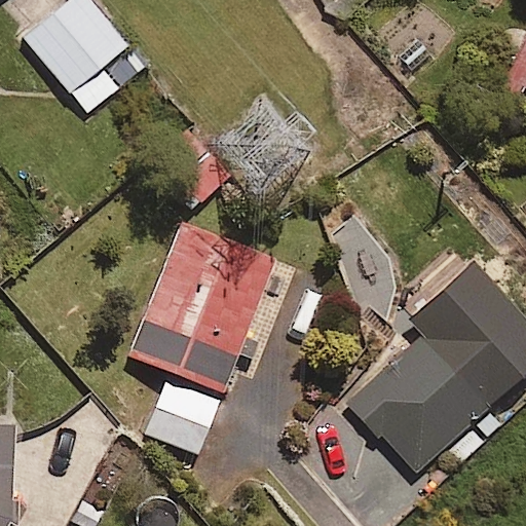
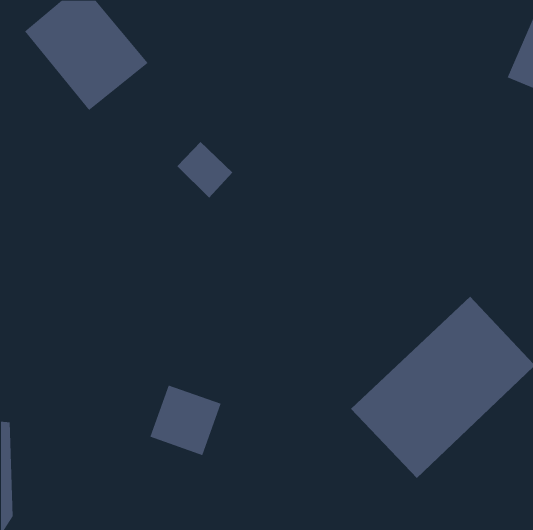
building: [133,219,275,388] -> none

